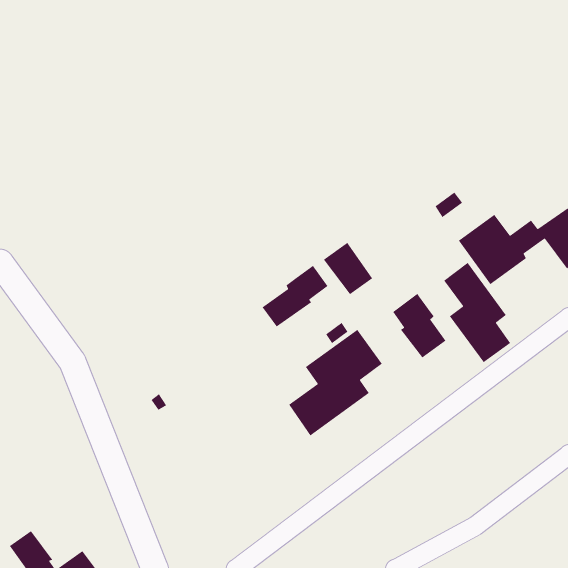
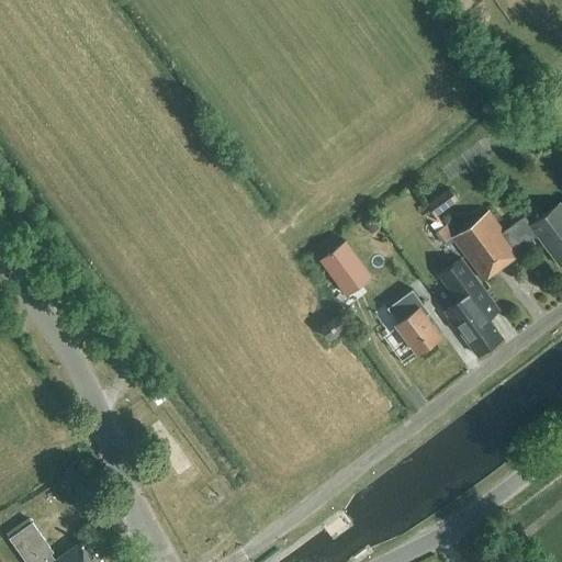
building: [262,265,328,327] -> none
building: [288,329,383,437] -> none

